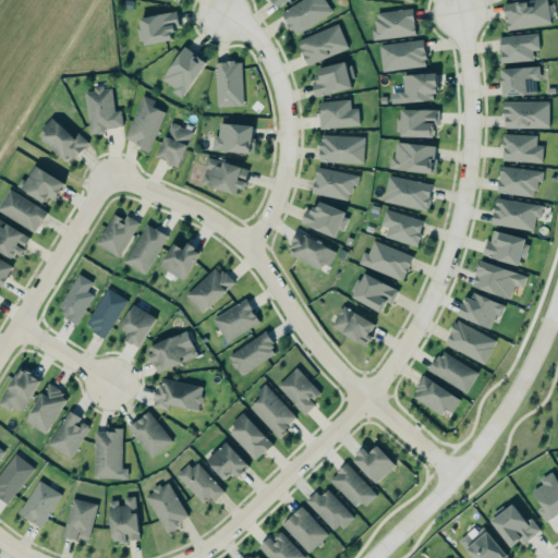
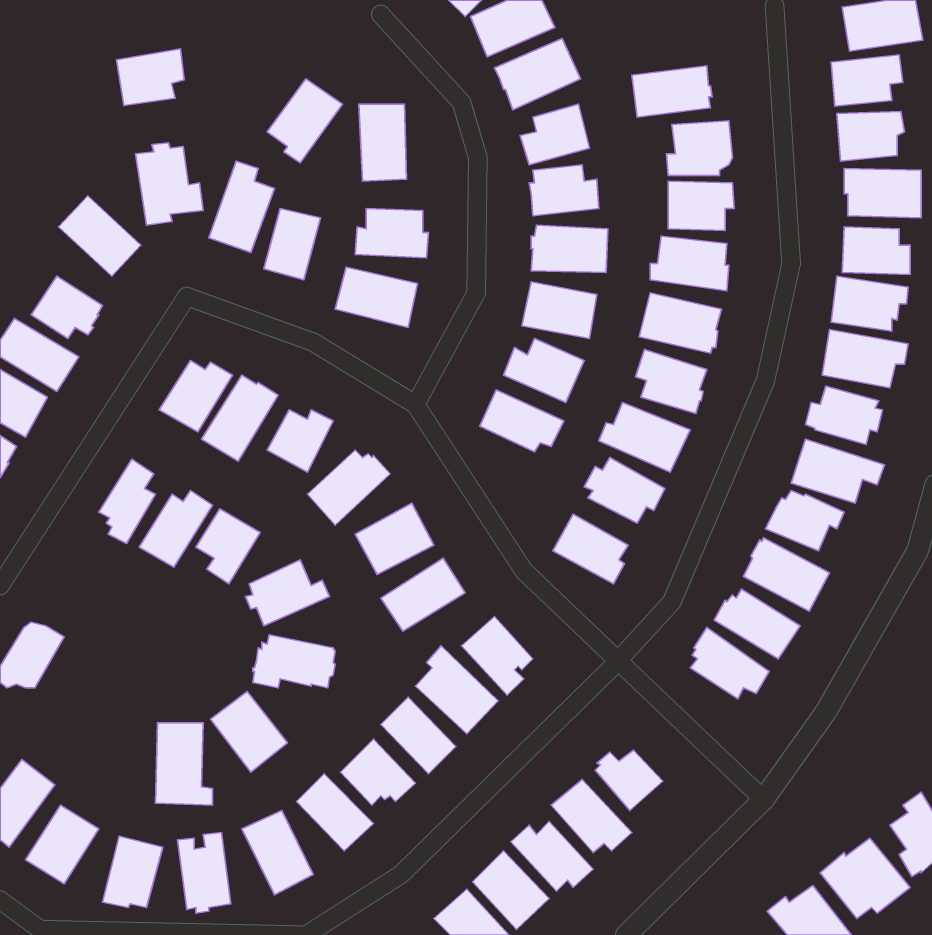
building: [372,8,415,39] -> none
building: [138,12,179,46] -> [116,49,184,105]
building: [25,384,66,434] -> none
building: [48,410,88,458] -> none

